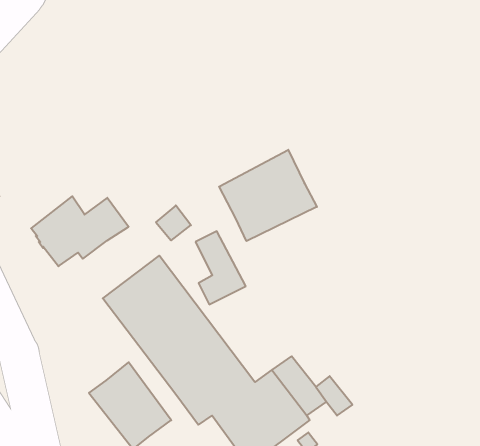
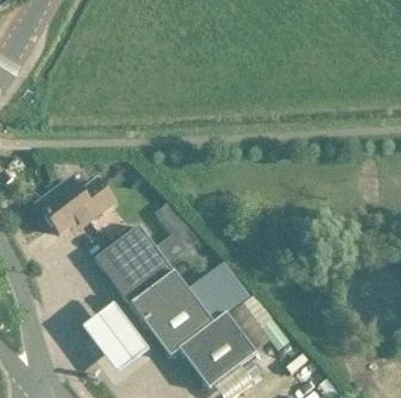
building: [219,150,317,241] -> none
building: none -> [186,261,247,321]

